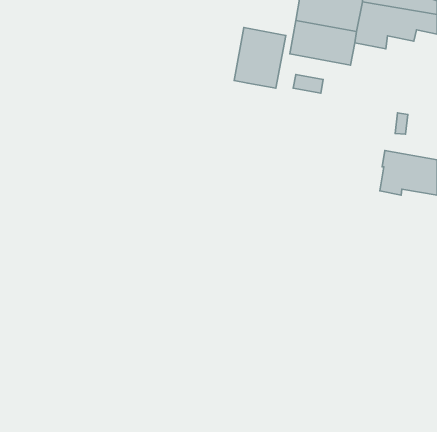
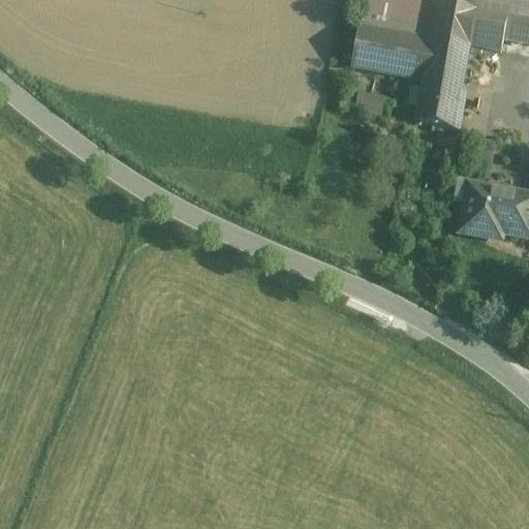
building: [234,28,286,88] -> none
building: none -> [415,52,466,127]

